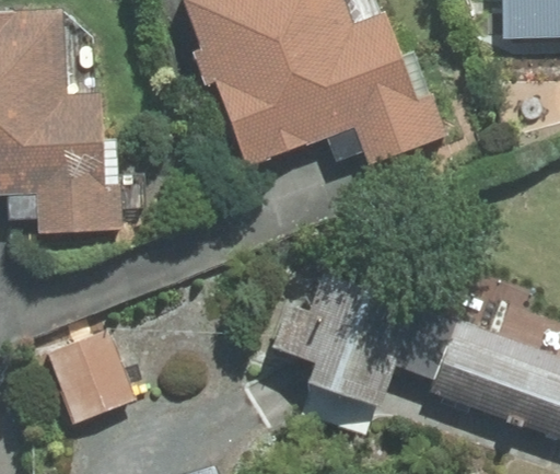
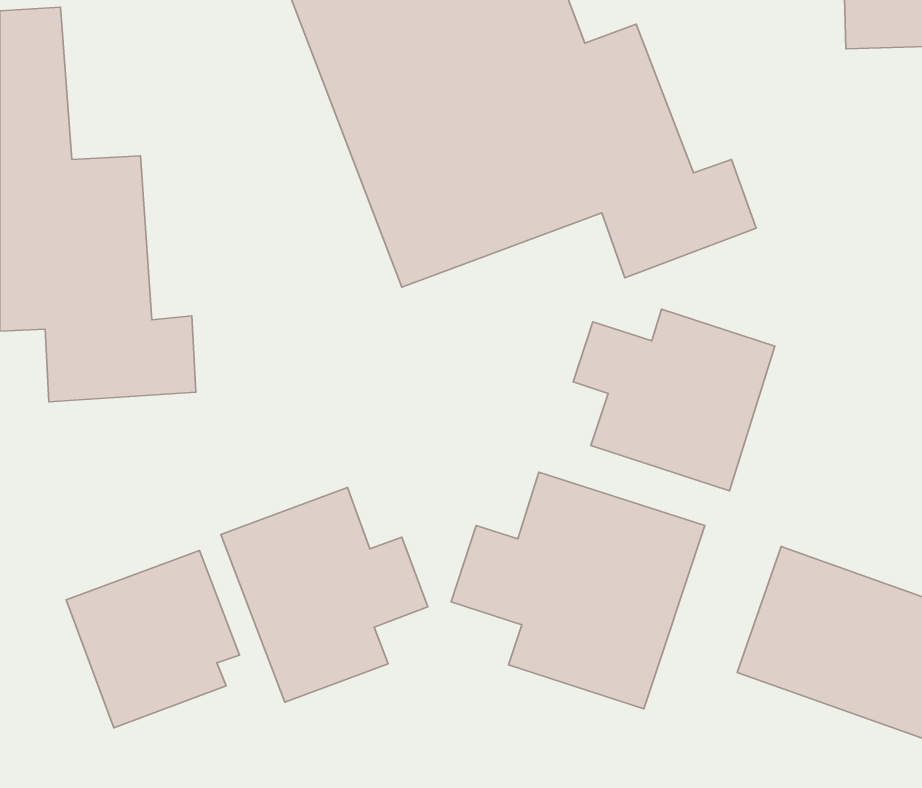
building: none -> [573,309,775,491]
building: none -> [221,488,428,702]

